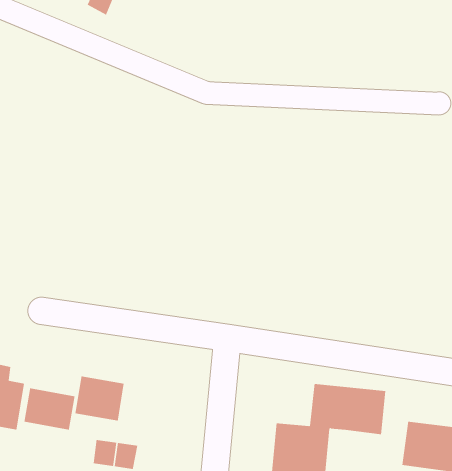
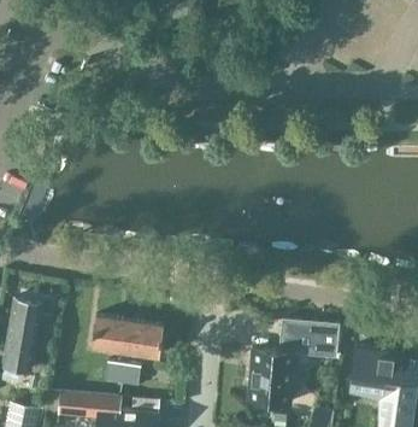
building: none -> [125,317,166,353]
building: [24,388,75,431] -> none

